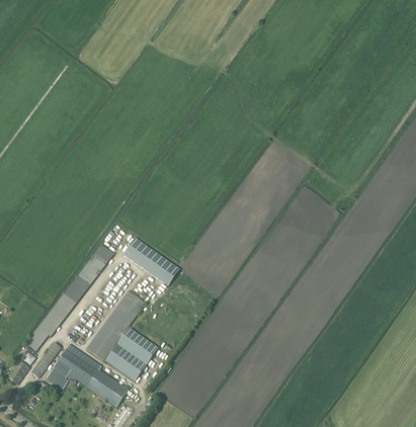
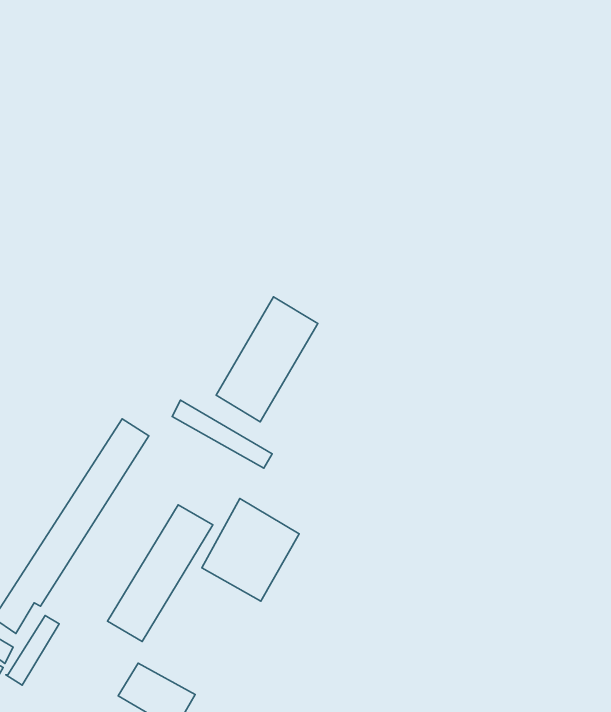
building: none -> [216,297,318,422]
building: [104,327,157,381] -> [202,499,299,601]
building: [45,343,100,390] -> none

